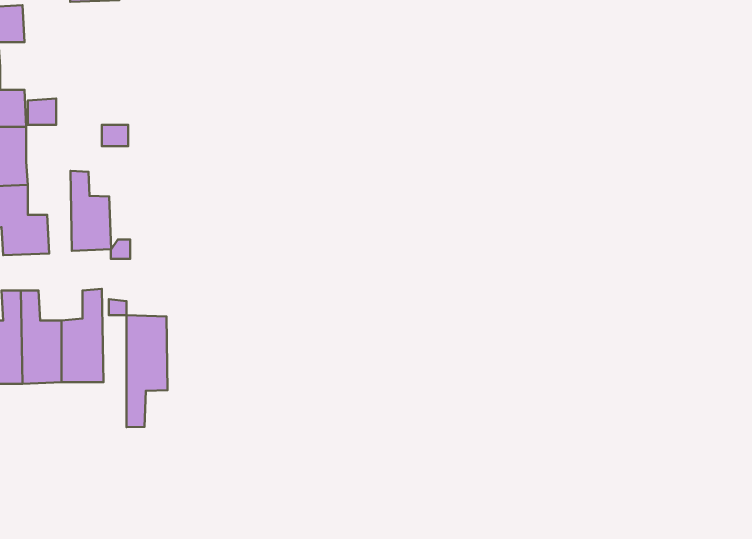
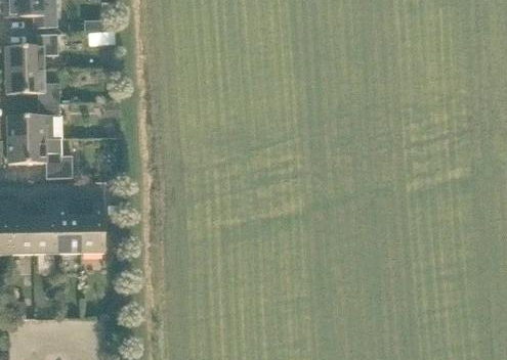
building: [70,171,111,251] -> none
building: [127,315,168,427] -> none

